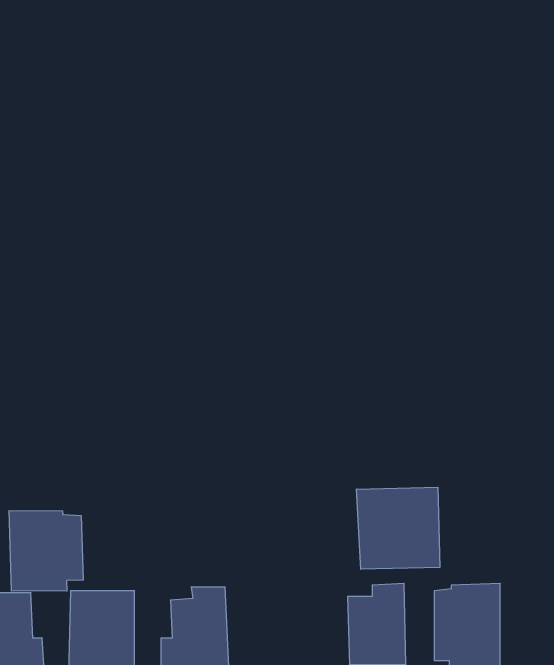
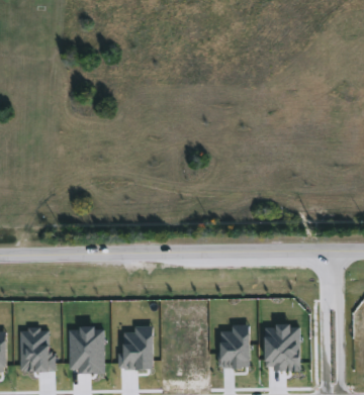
building: [357,487,440,569] -> none
building: [9,511,83,591] -> none

